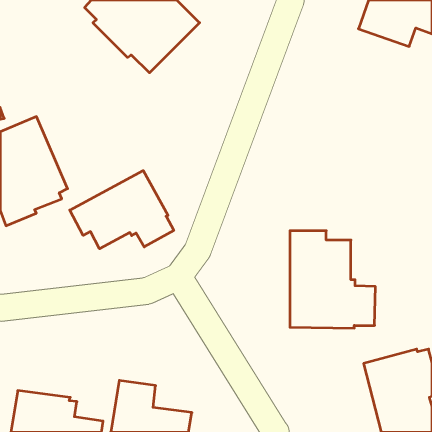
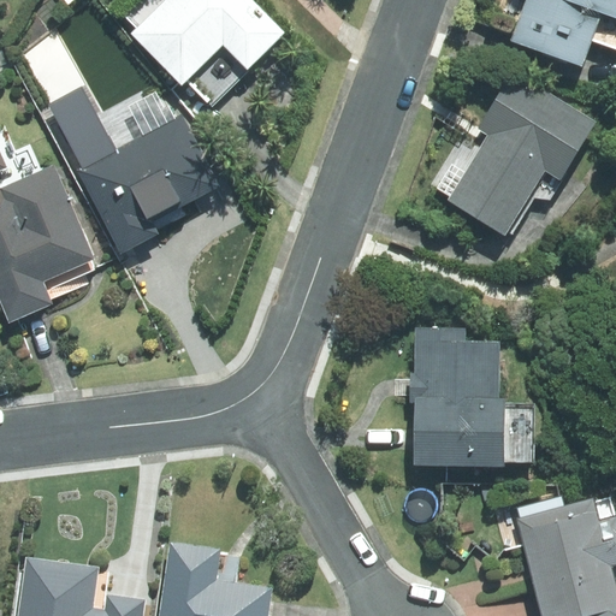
building: none -> [446,70,597,235]
building: none -> [46,81,217,254]
building: [70,171,174,249] -> none

